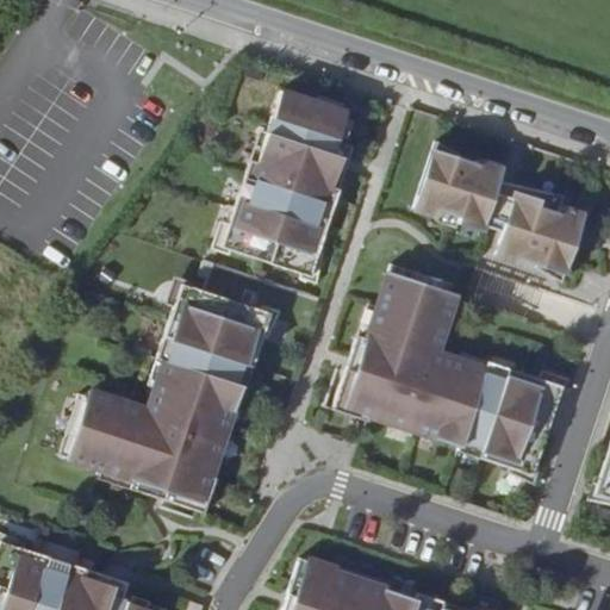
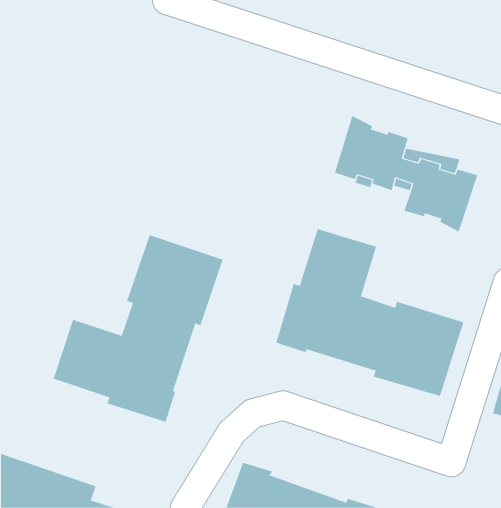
building: [228,87,361,274] -> none

